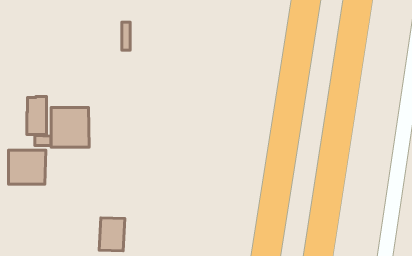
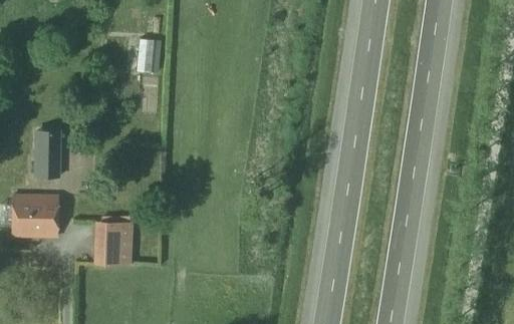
building: [51,108,89,147] -> none
building: [99,218,125,251] -> [97,223,128,263]

